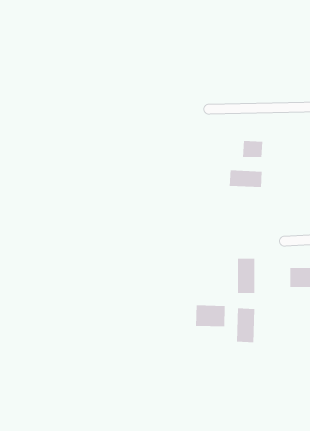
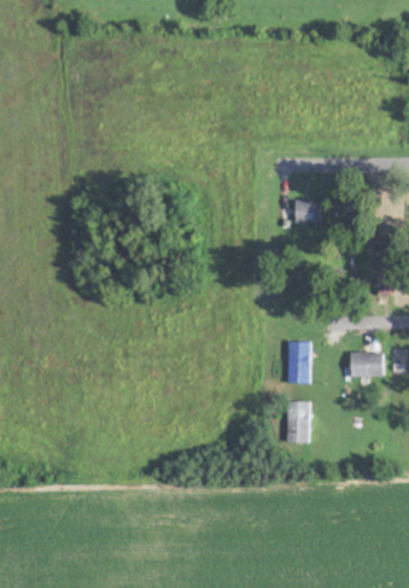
building: [229,170,262,188] -> none
building: [196,305,225,327] -> none

